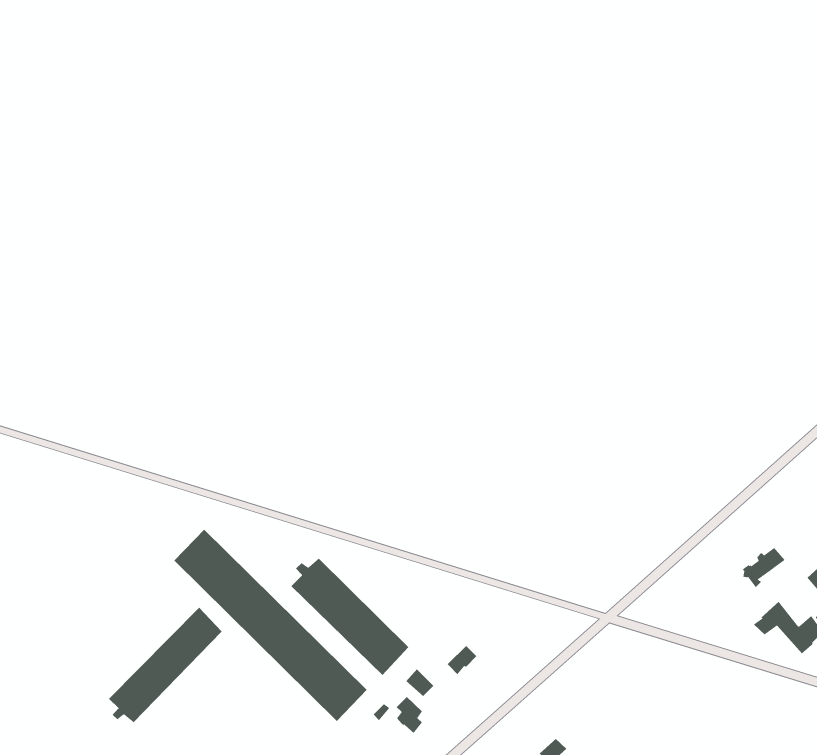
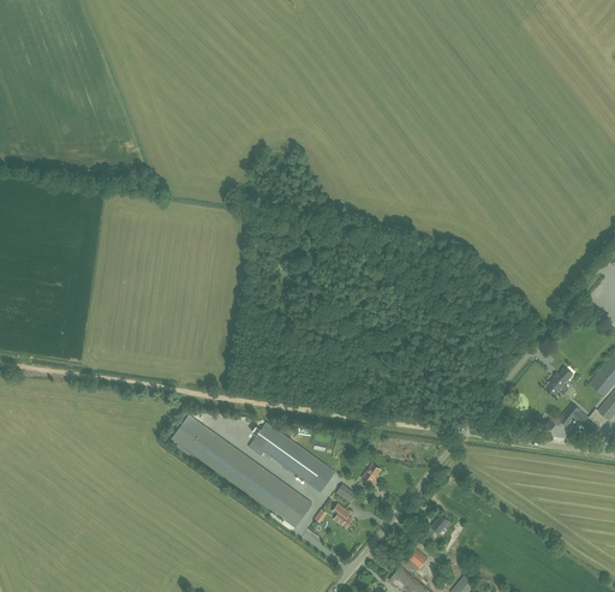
building: [108,607,223,723] -> none

